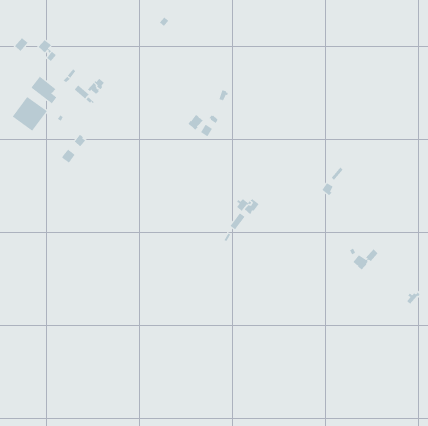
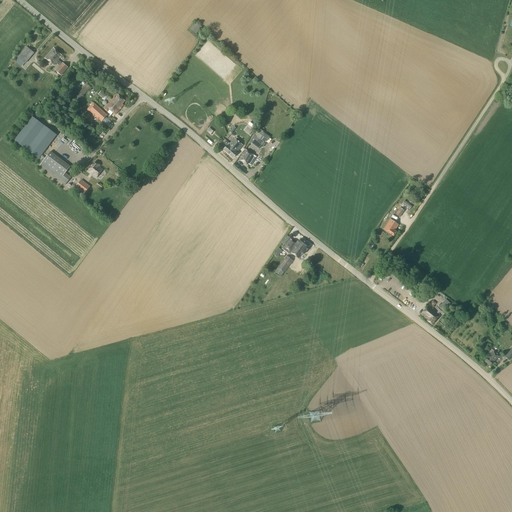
building: [30,76,57,104] -> [39,150,71,184]

